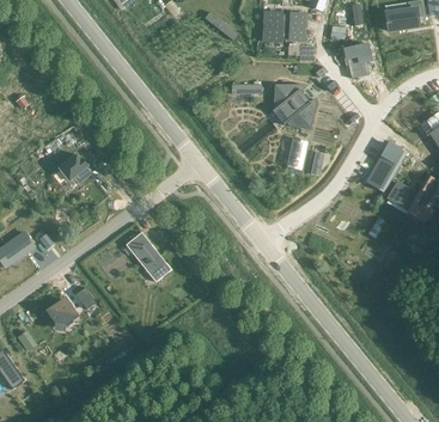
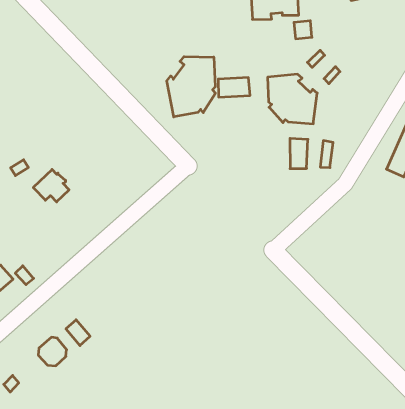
building: [343,43,371,78] -> none
building: none -> [167,57,215,117]
building: [124,231,170,281] -> none

